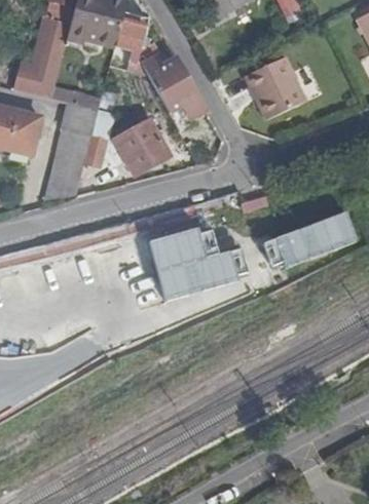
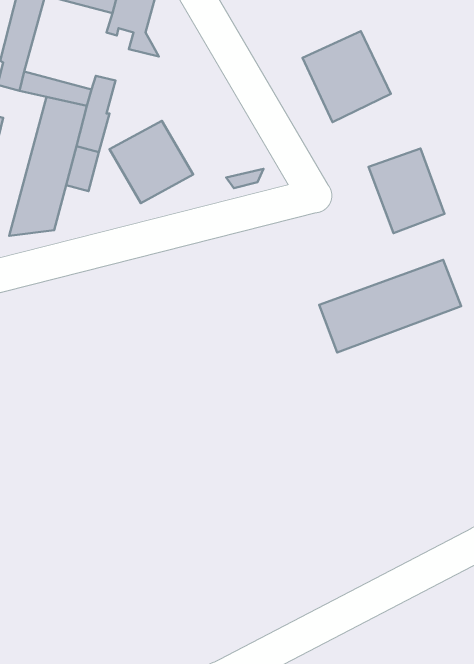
building: [142,56,205,129] -> none
building: none -> [368,148,444,233]
building: [143,229,247,306] -> none

